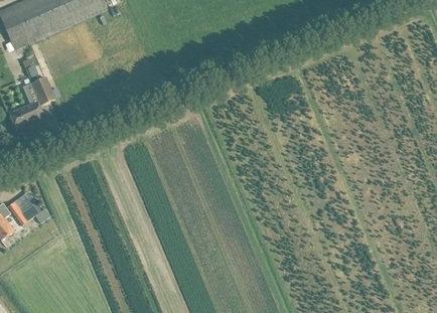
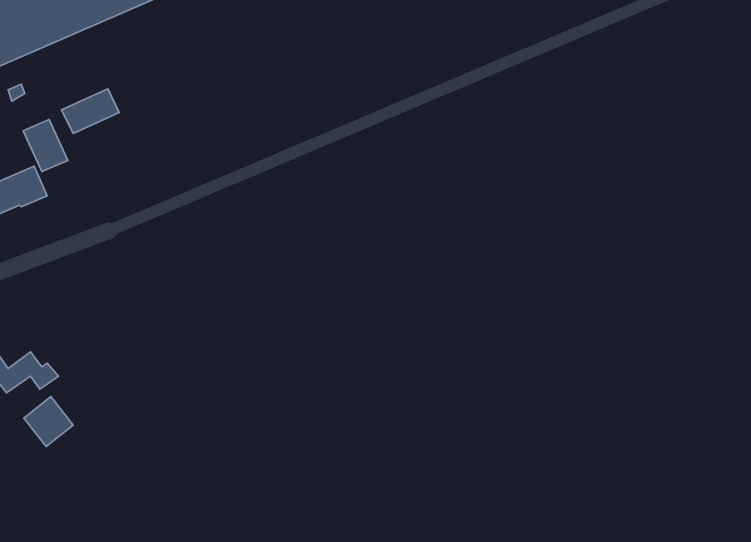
building: none -> [61,89,119,134]
building: none -> [24,397,73,447]

